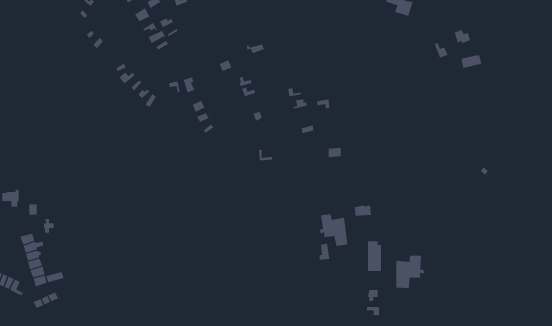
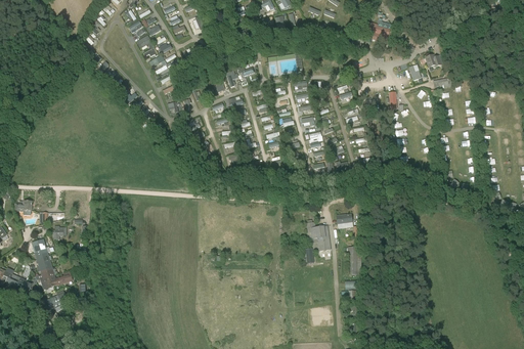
building: [396,255,424,289] -> none

